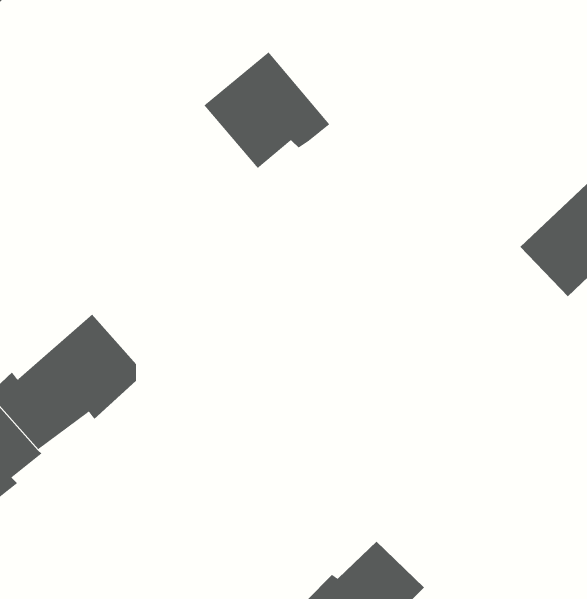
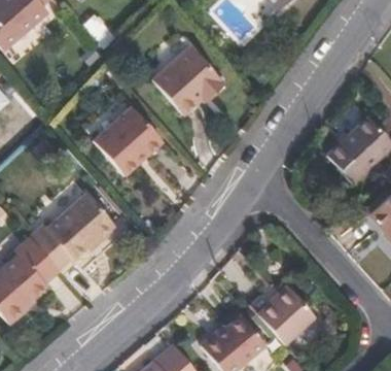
building: none -> [93,105,162,174]
building: none -> [262,285,321,343]

